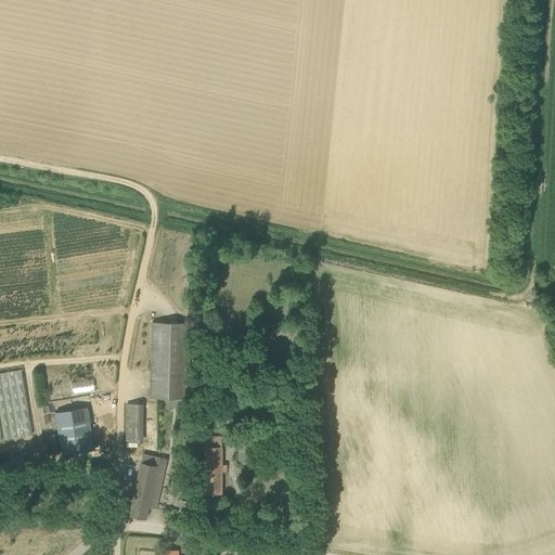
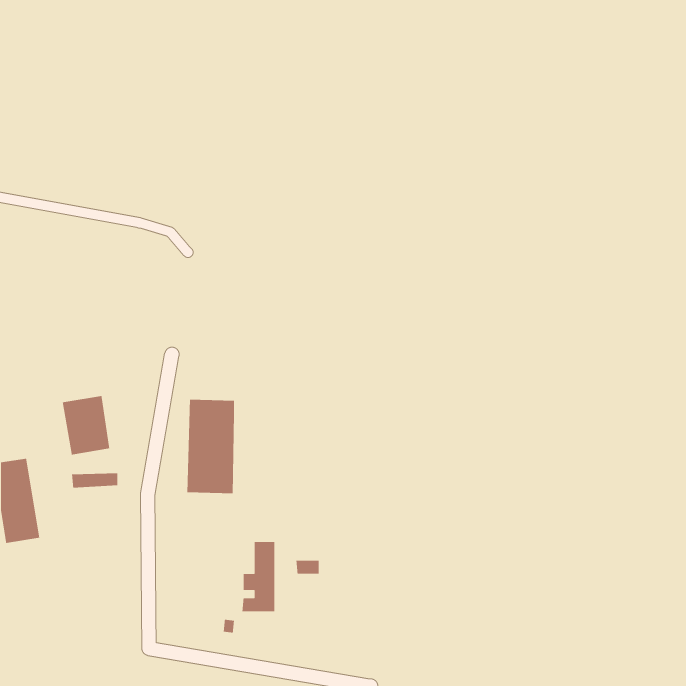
building: [126,402,145,446] -> none
building: [55,406,94,455] -> [62,395,110,456]
building: [130,453,167,518] -> none

